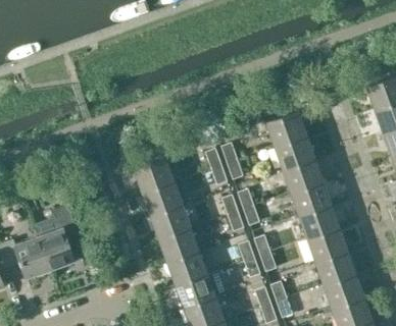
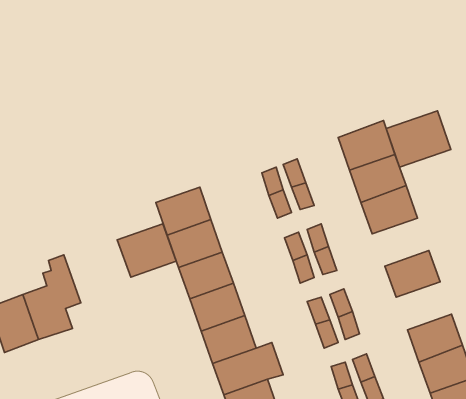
building: none -> [386,111,451,167]
building: [290,182,331,217] -> none
building: none -> [117,224,176,277]
building: [307,228,347,263] -> none

